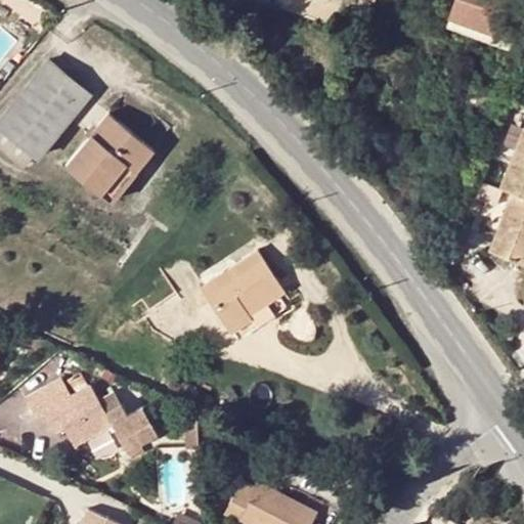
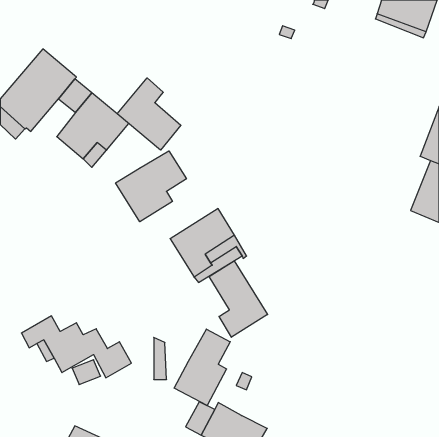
building: none -> [117,78,181,150]
building: none -> [116,151,186,222]
building: none -> [209,261,268,337]
building: none -> [174,329,230,406]

